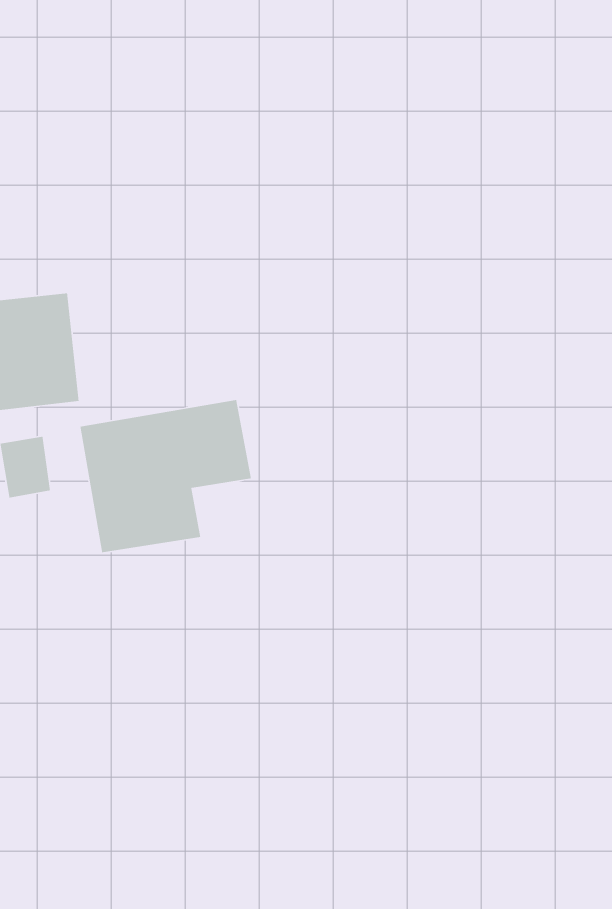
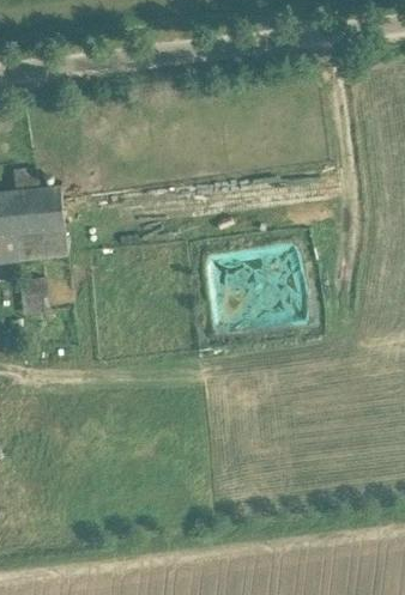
building: [80,399,252,553] -> none

